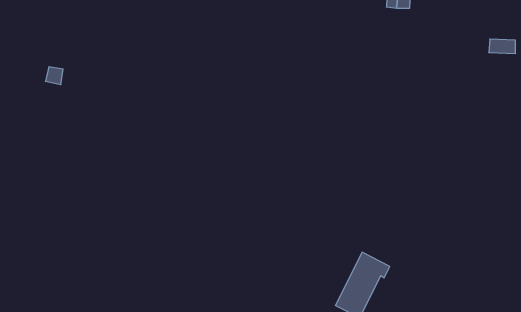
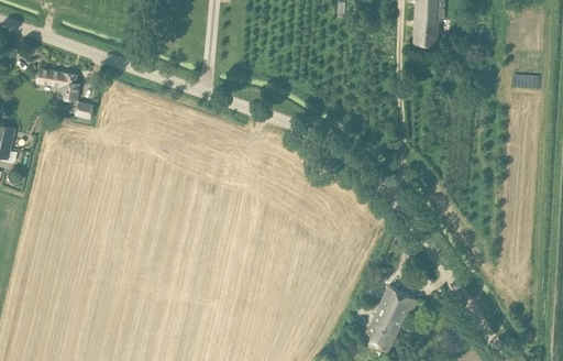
building: none -> [36,68,80,100]

